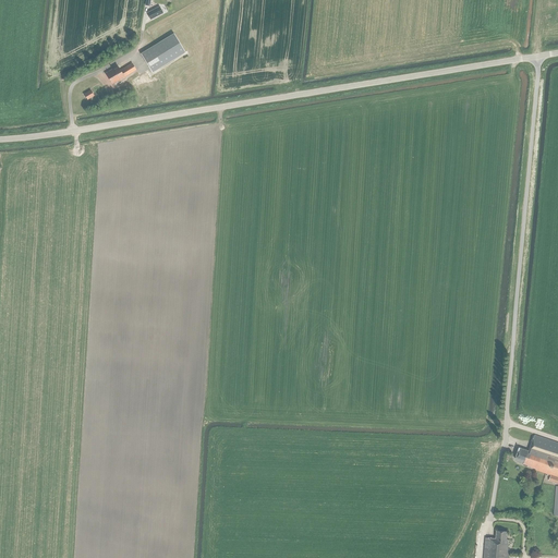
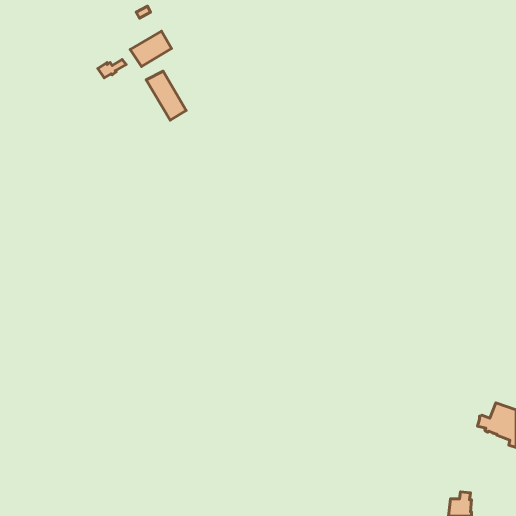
building: none -> [146,71,186,120]

